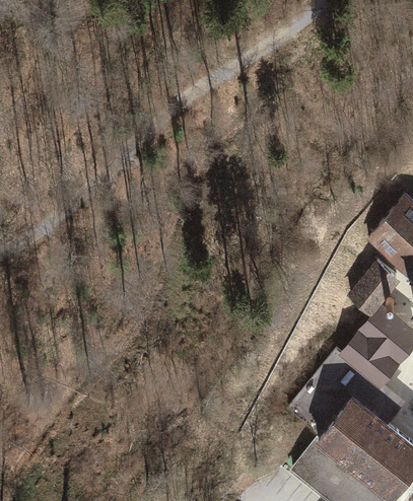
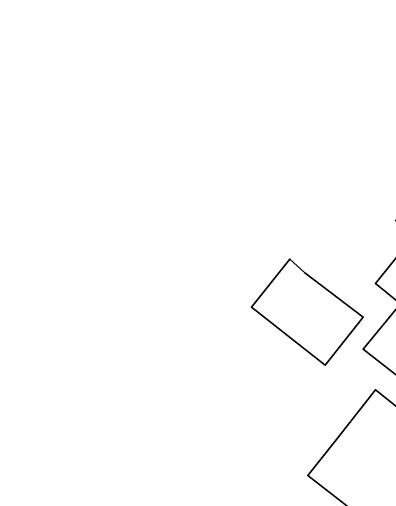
building: none -> [252,259,363,365]

